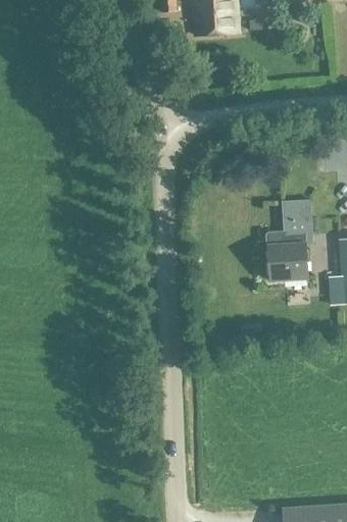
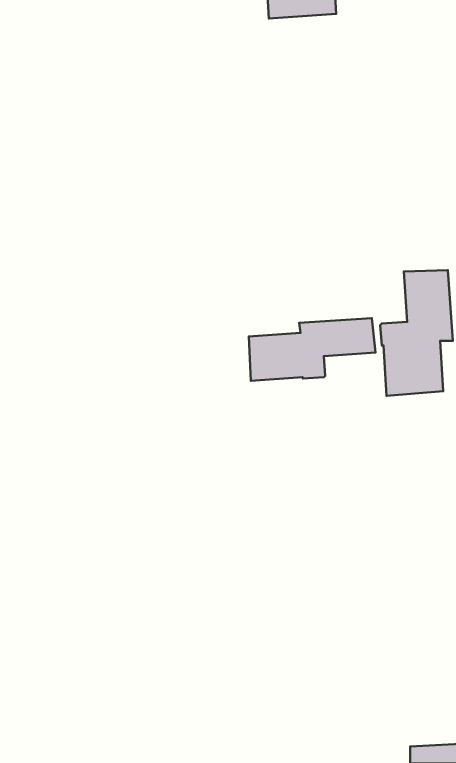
building: none -> [249,318,376,381]

